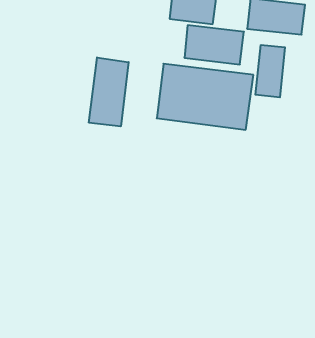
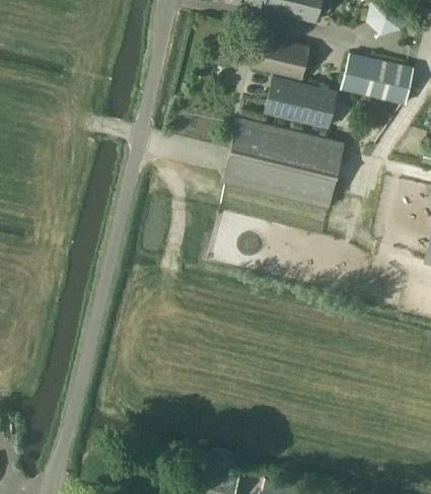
building: [255,45,285,97] -> none
building: [89,57,129,126] -> none

